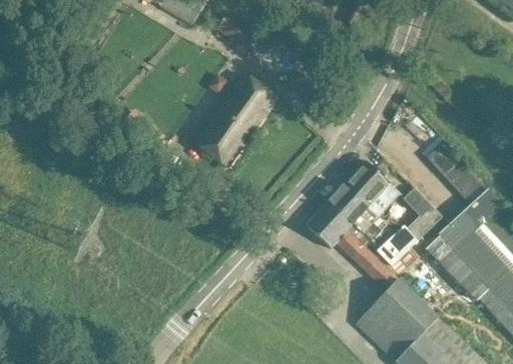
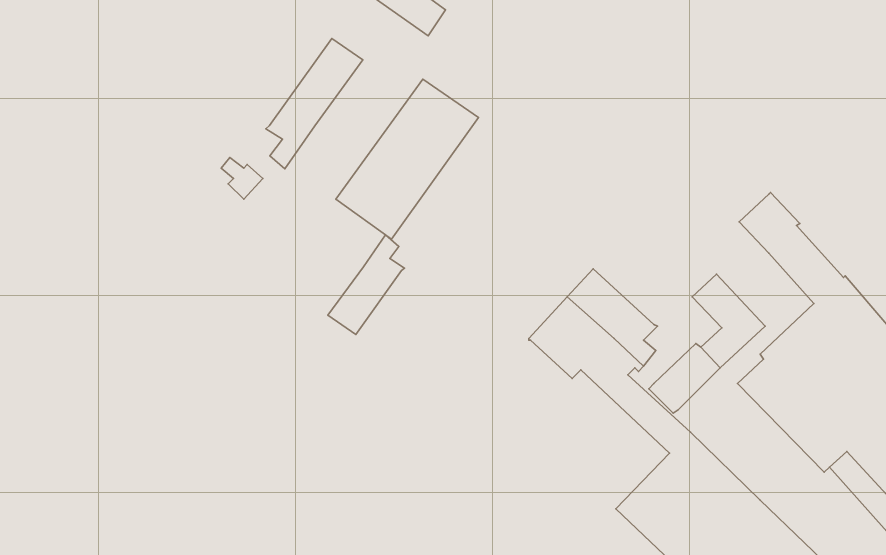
building: none -> [266,38,363,169]
building: [343,160,400,217] -> none
building: none -> [328,235,404,335]

